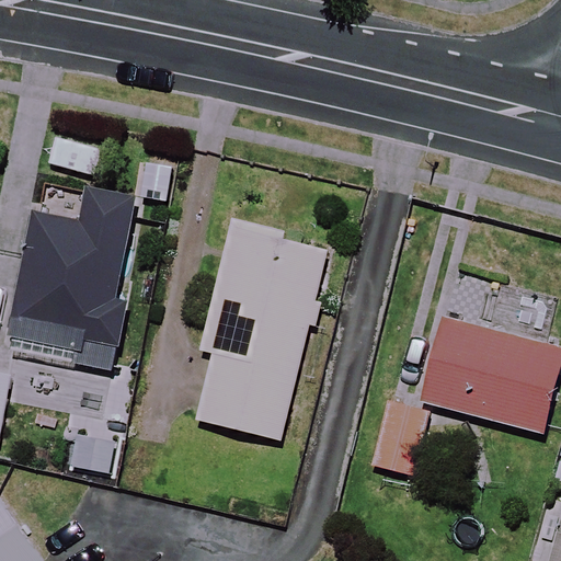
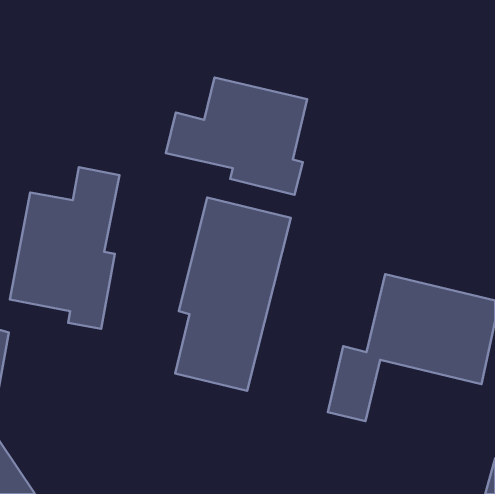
building: none -> [166,77,307,195]

